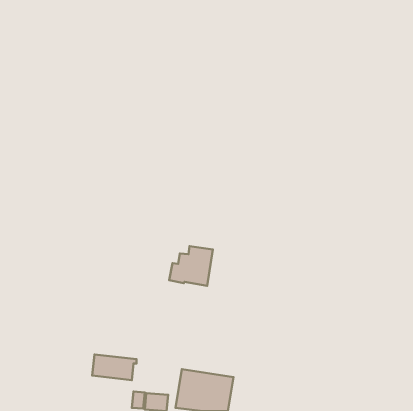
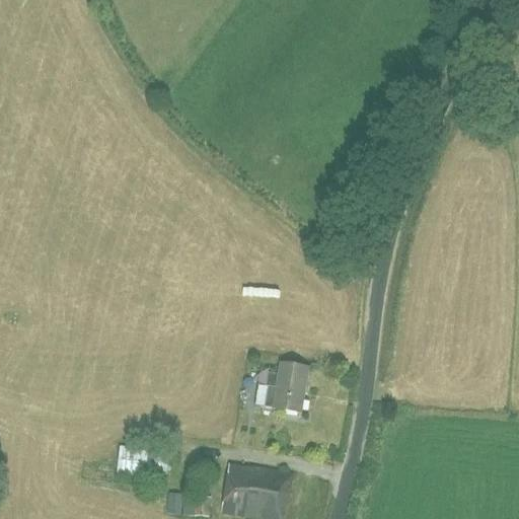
building: [169,246,213,286] -> [253,363,308,413]

